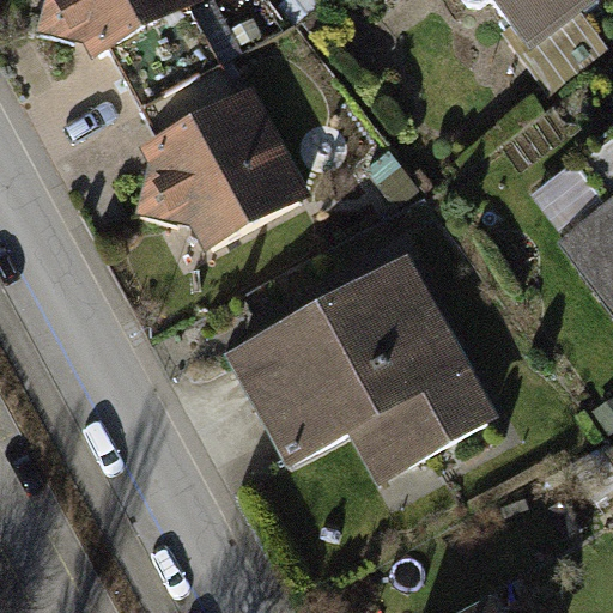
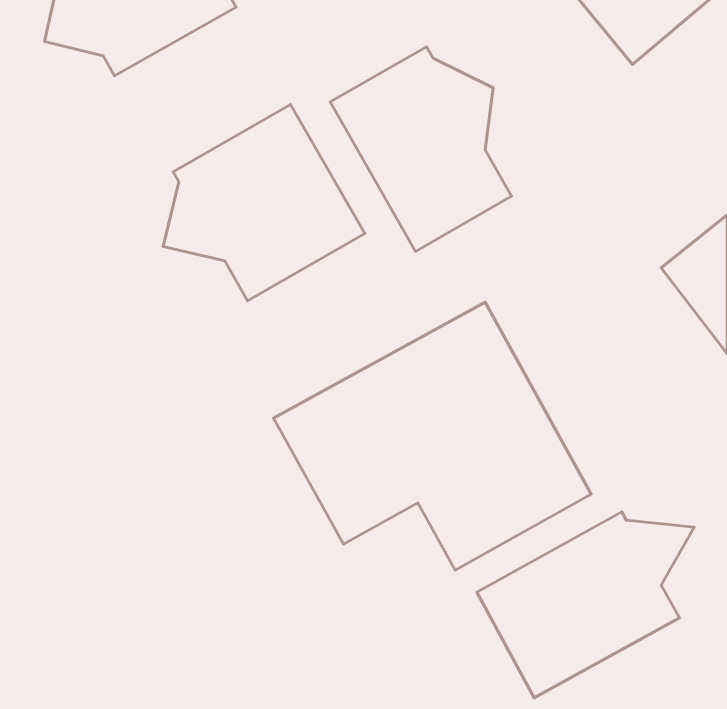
building: none -> [330,47,512,251]
building: none -> [477,512,694,698]

